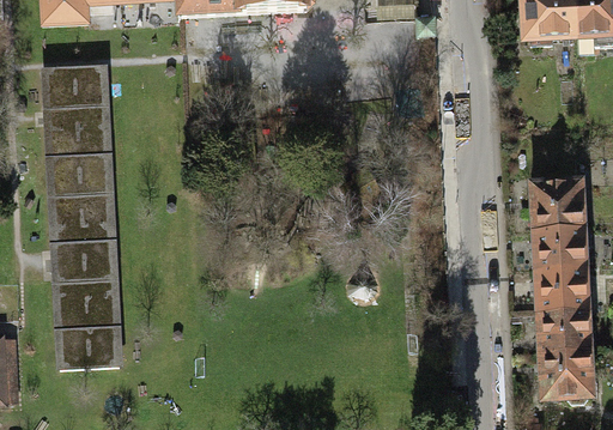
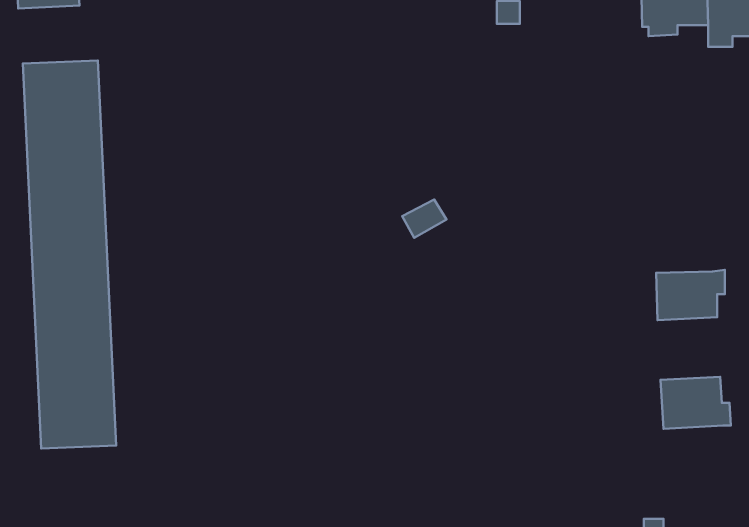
building: [536,183,583,230] -> none
building: [540,265,589,314] -> none
building: [545,350,594,404] -> none

